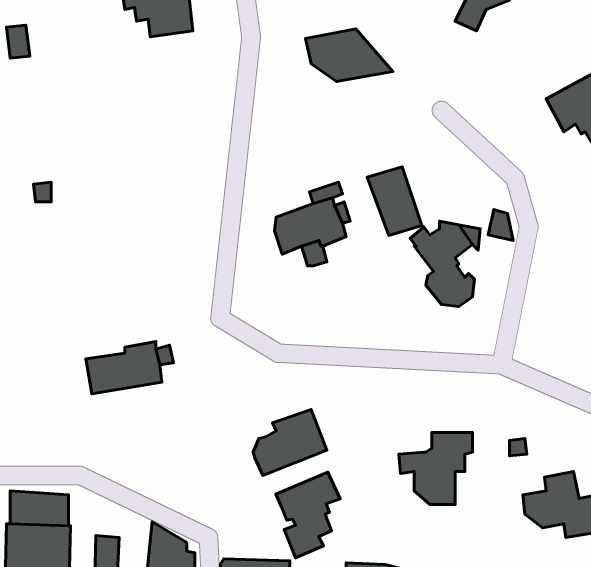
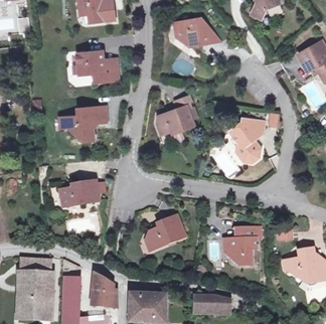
building: none -> [77,50,118,82]
building: [367,167,422,235] -> none
building: none -> [64,107,107,141]
building: [276,472,340,558] -> none

